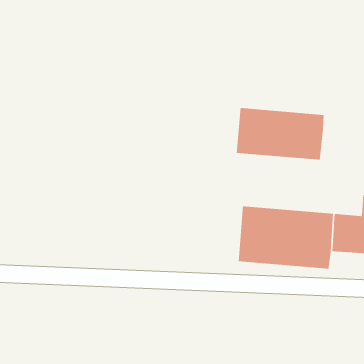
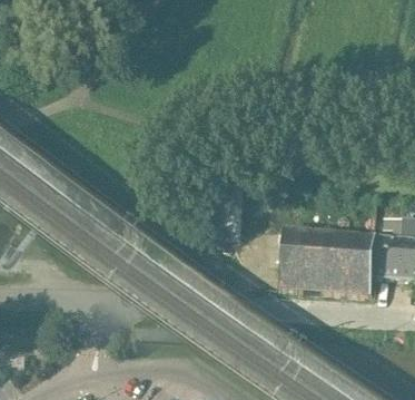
building: [236,107,325,161] -> none

